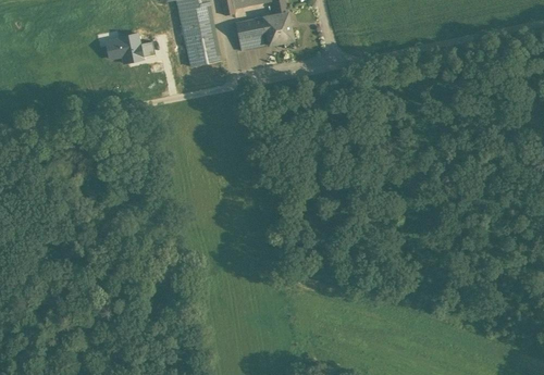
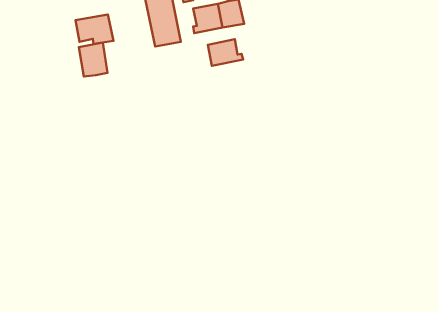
building: none -> [208,39,243,66]
building: none -> [79,42,108,76]

